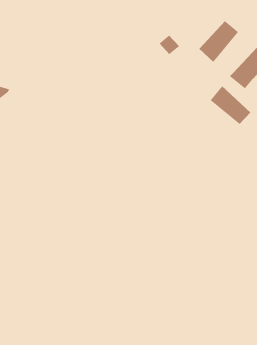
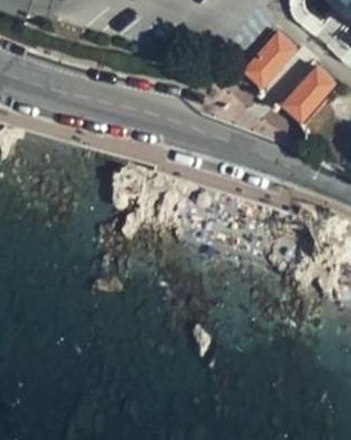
building: [210,85,251,125] -> none

